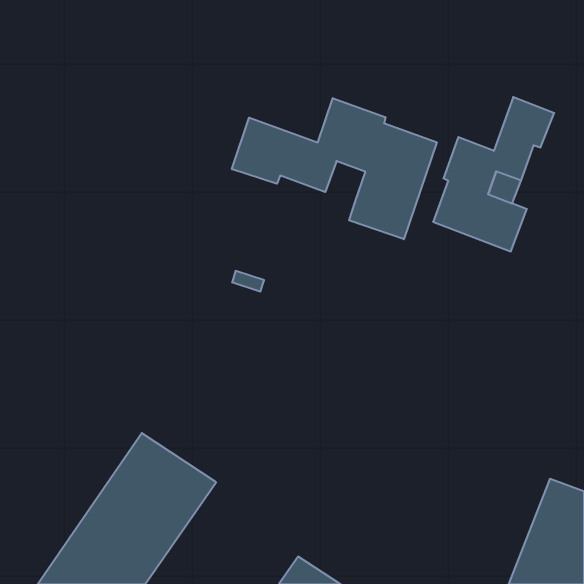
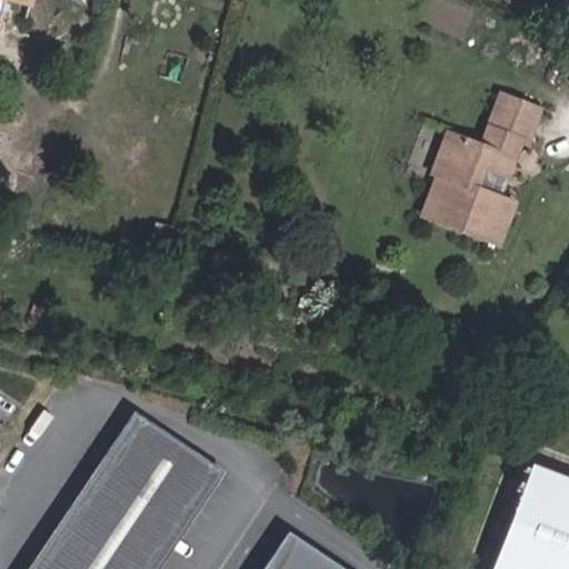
building: [232,98,437,239] -> none

